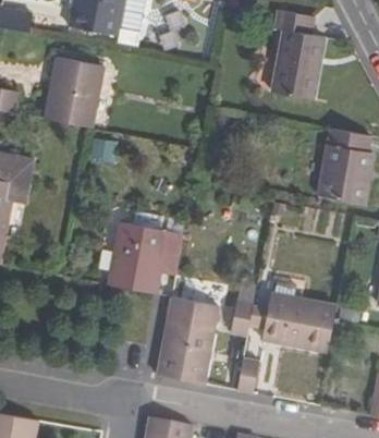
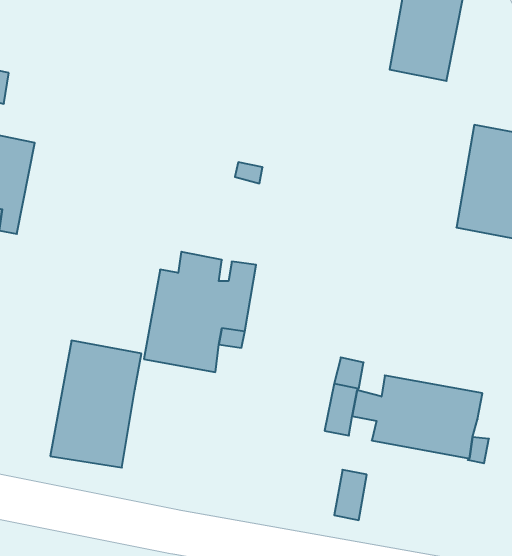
building: [44,58,102,127] -> none
building: [157,297,218,382] -> [50,341,141,468]

